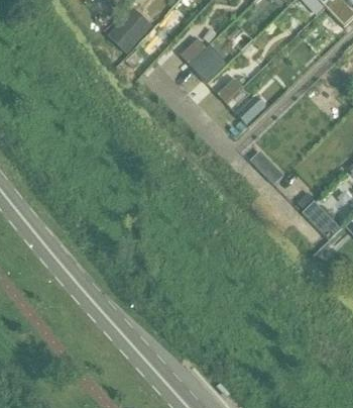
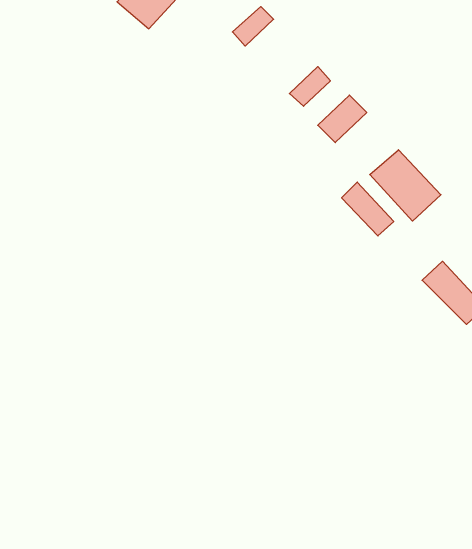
building: [188,42,222,77] -> none
building: none -> [370,150,441,221]

